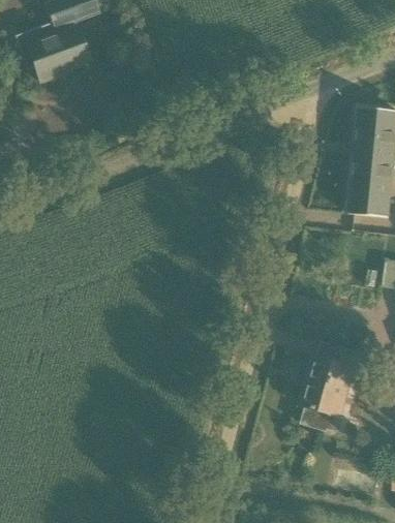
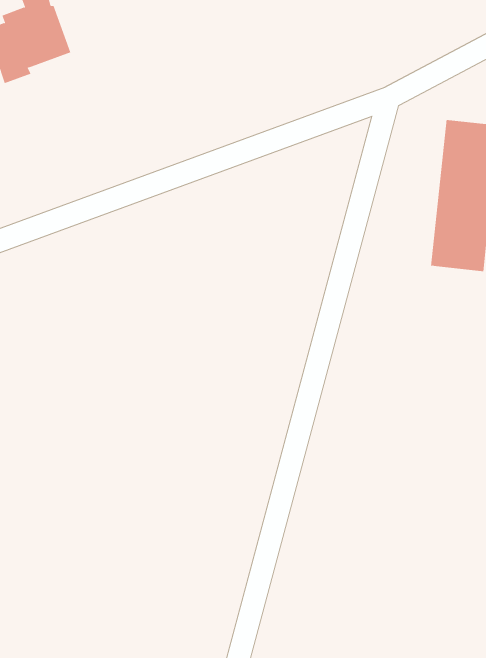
building: [301,344,360,430] -> none

